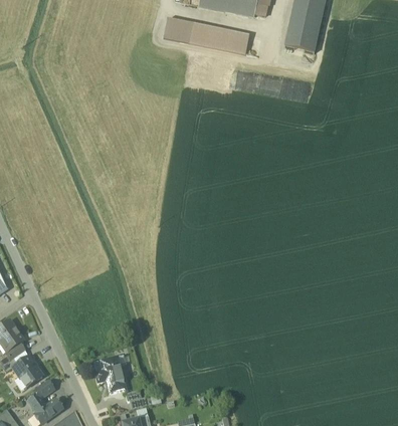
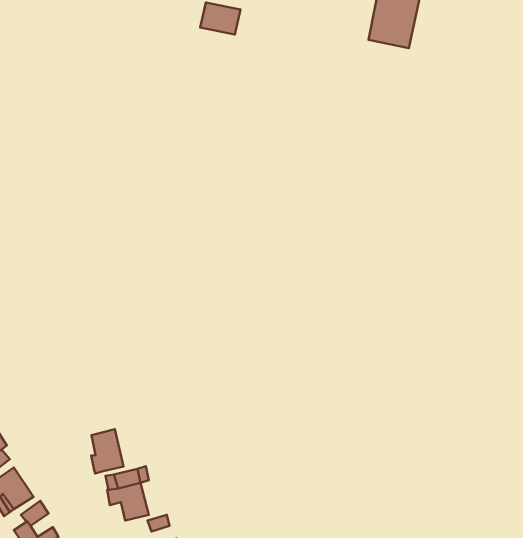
building: [189,23,250,52] -> none
building: none -> [91,429,123,473]

